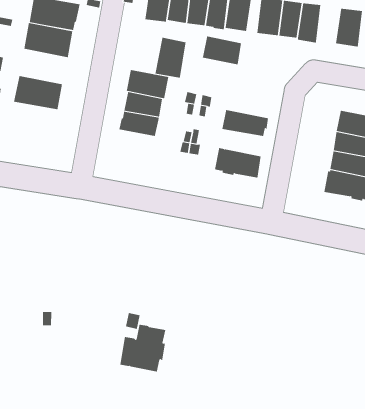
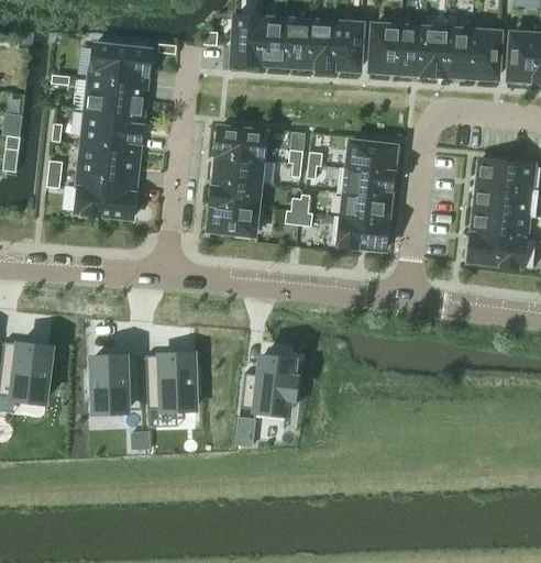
building: none -> [445,30,472,76]
building: [196,36,242,65] -> [340,141,395,174]
building: [155,37,186,78] -> none
building: none -> [82,111,143,151]
building: none -> [75,177,135,217]
building: none -> [336,191,389,221]
building: none -> [209,201,256,238]
building: none -> [89,354,142,410]
building: none -> [145,353,198,409]
building: [120,324,166,372] -> [241,355,296,412]

